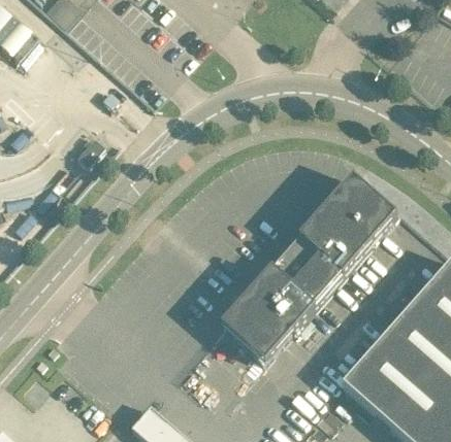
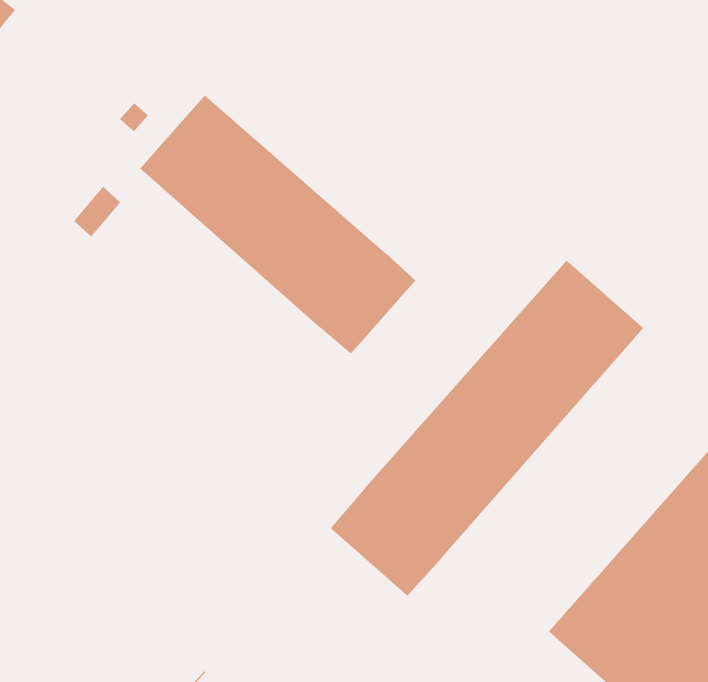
building: none -> [139,94,416,355]

